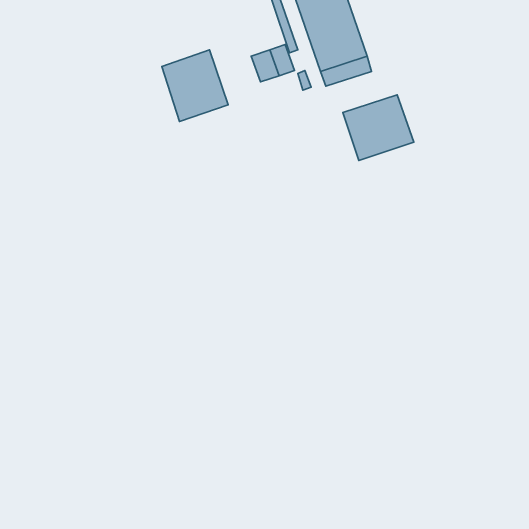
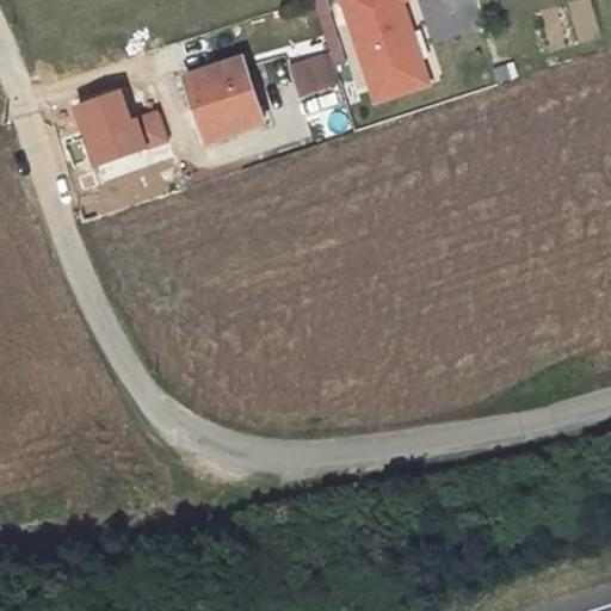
building: none -> [73,91,166,165]
building: [343,95,414,161] -> none

